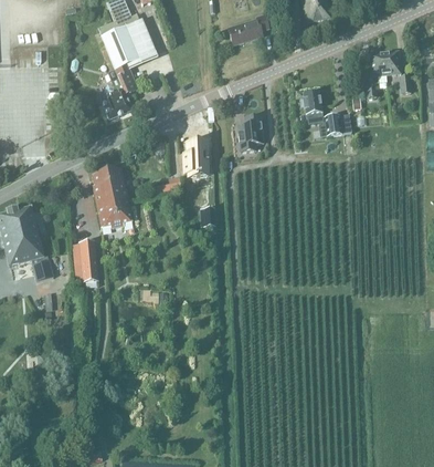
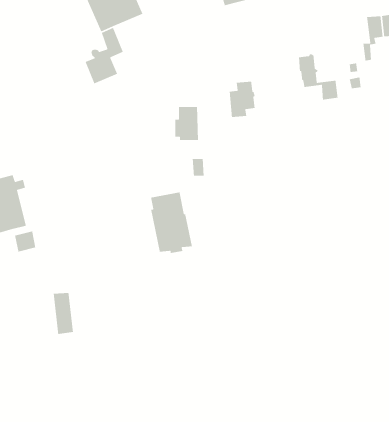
building: [92,167,133,227] -> [150,192,193,254]
building: [78,240,98,281] -> [53,292,74,335]

